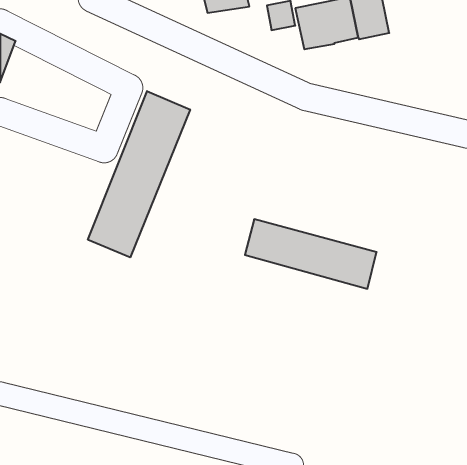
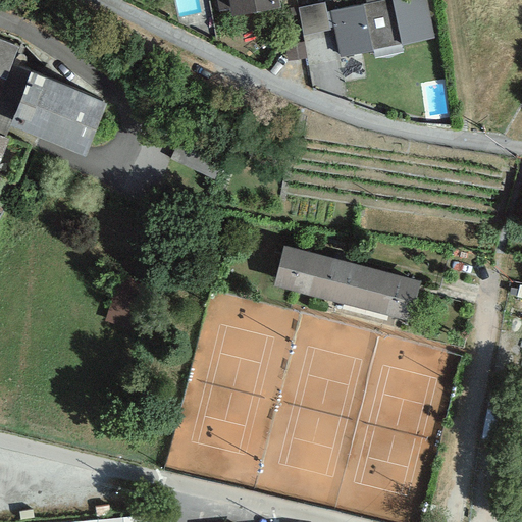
building: none -> [9,71,106,155]
building: [88,91,190,257] -> none

